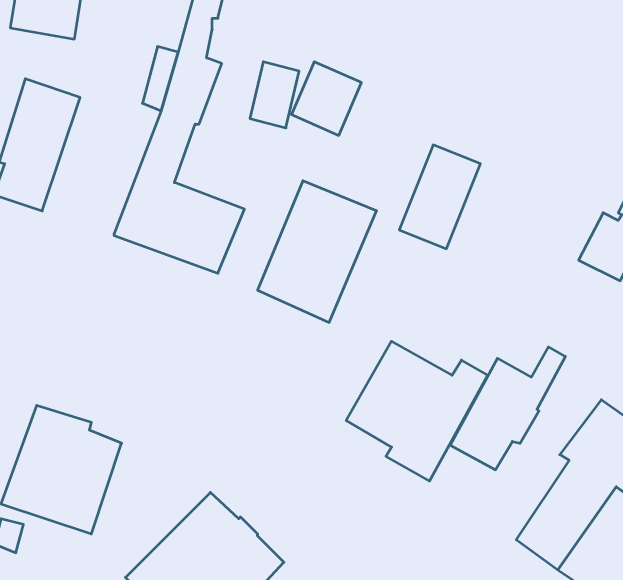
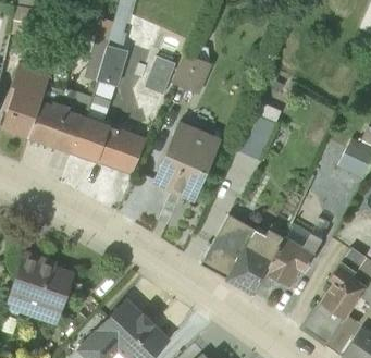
building: none -> [29,84,87,152]

